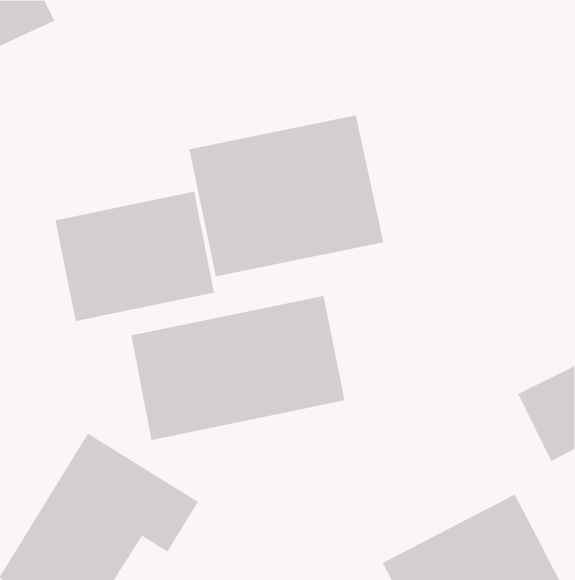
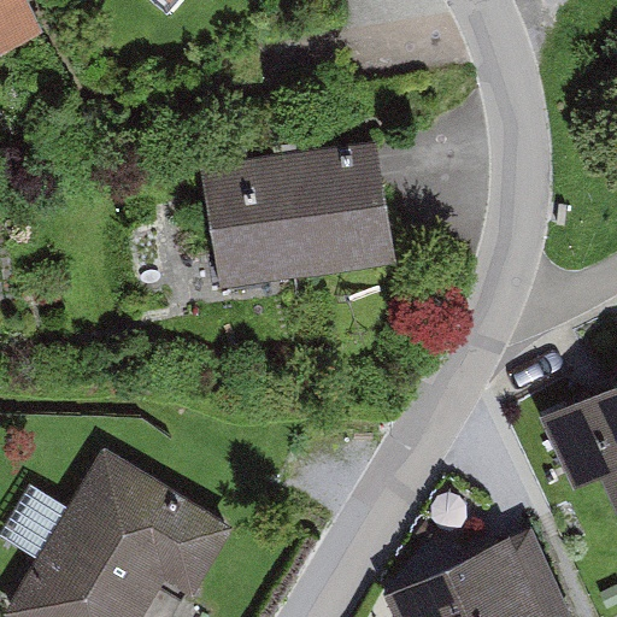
building: [55,191,214,322] -> none
building: [131,295,345,441] -> none

